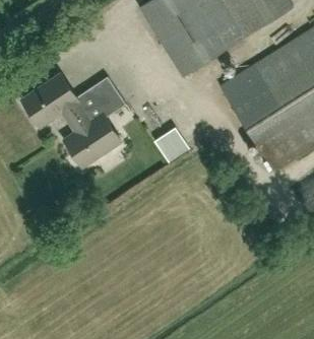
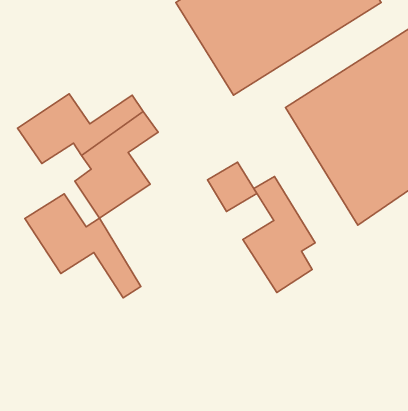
building: none -> [243,176,315,293]
building: none -> [25,194,141,298]

